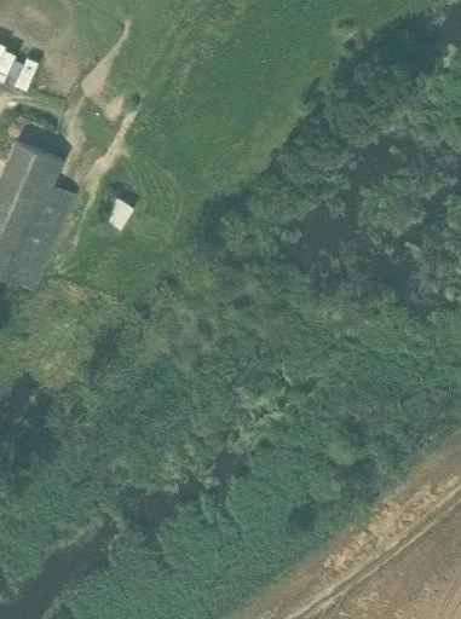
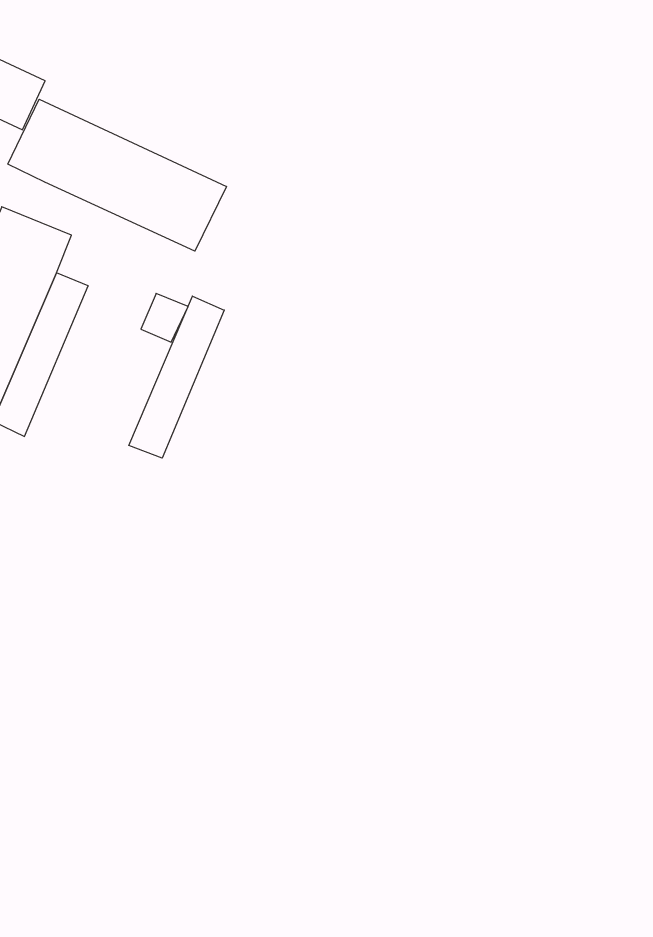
building: none -> [8,99,226,251]
building: none -> [129,296,224,458]

